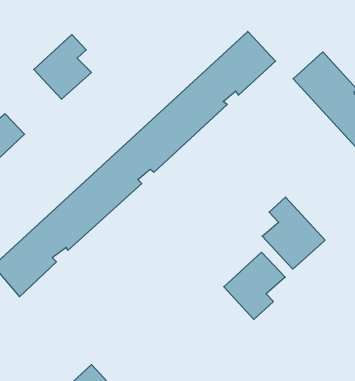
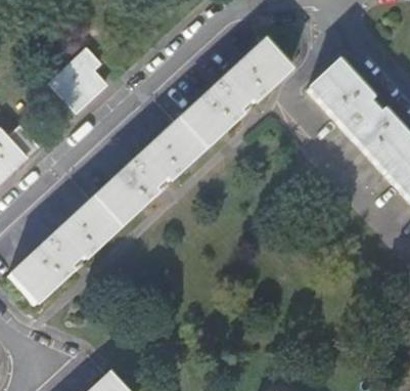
building: [262,197,325,269] -> none
building: [224,252,285,319] -> none

